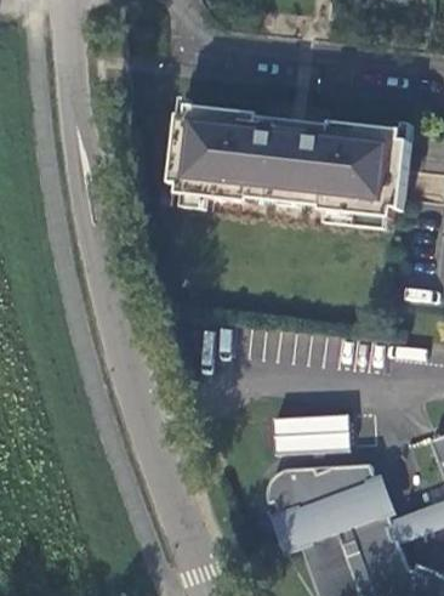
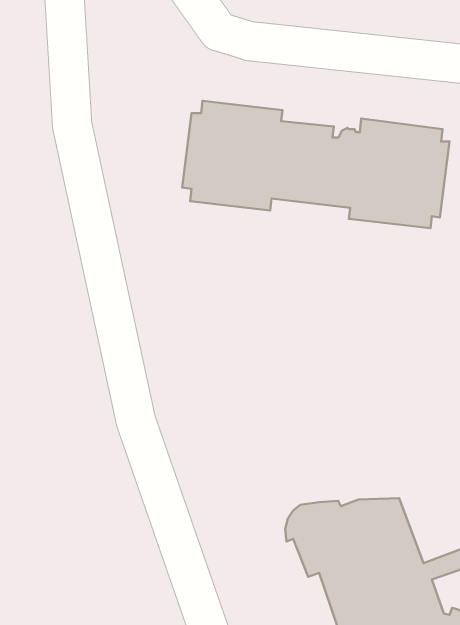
building: [274,416,352,458] -> none

